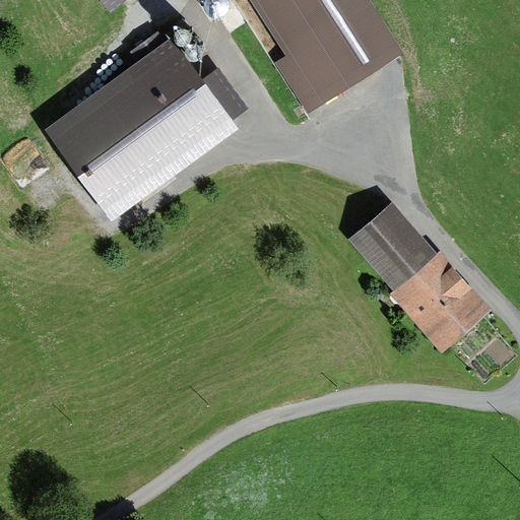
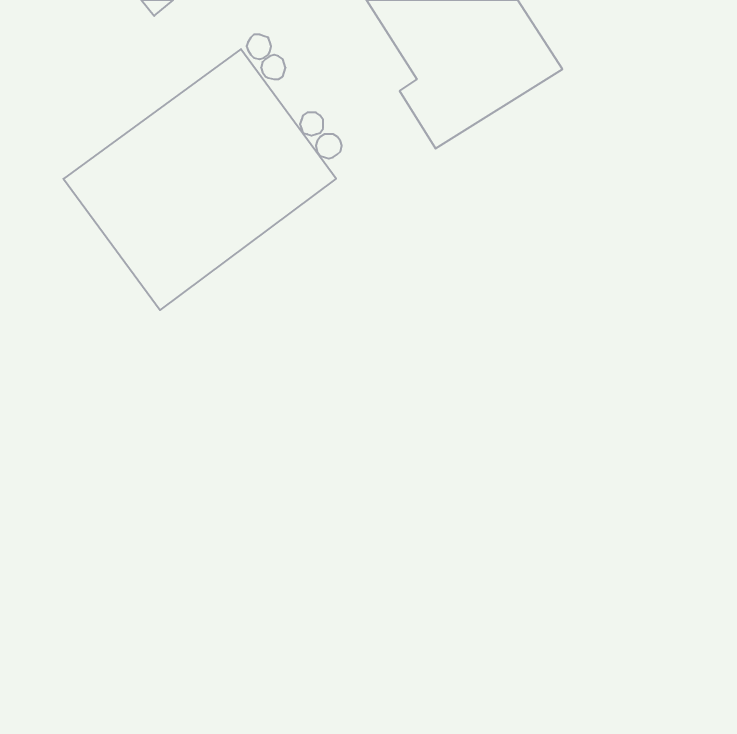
building: [348,202,493,354] -> none

